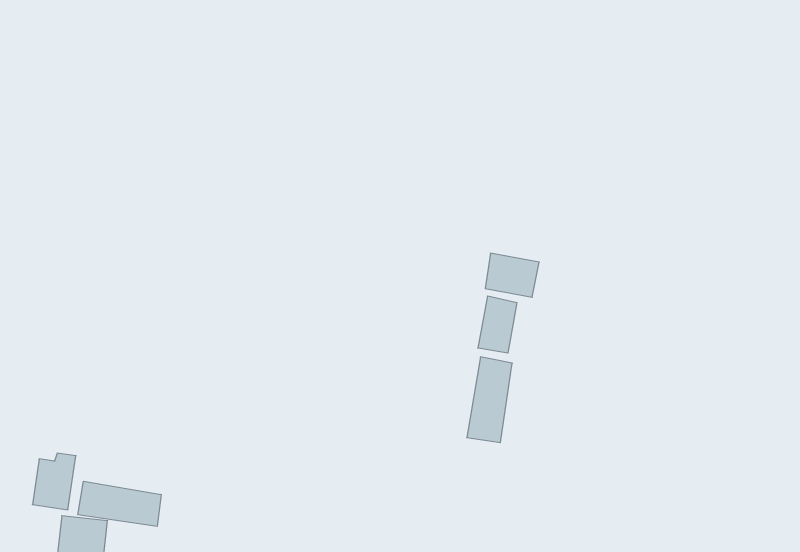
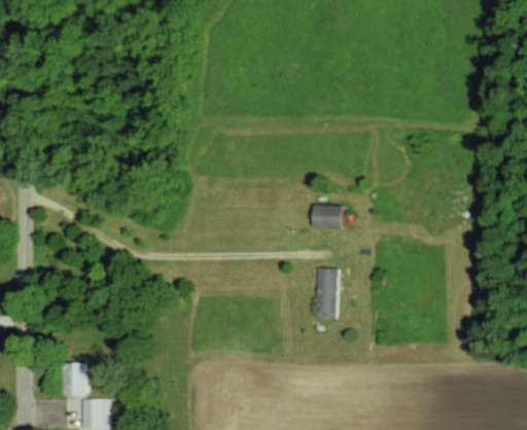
building: [478,296,517,353] -> none
building: [78,481,161,526] -> none

